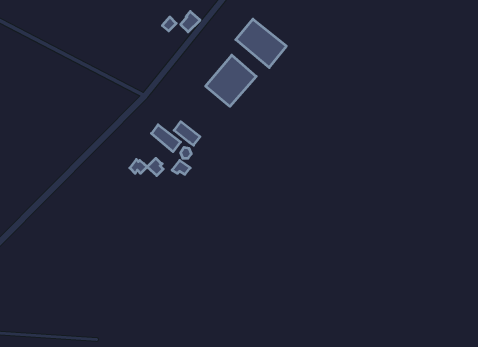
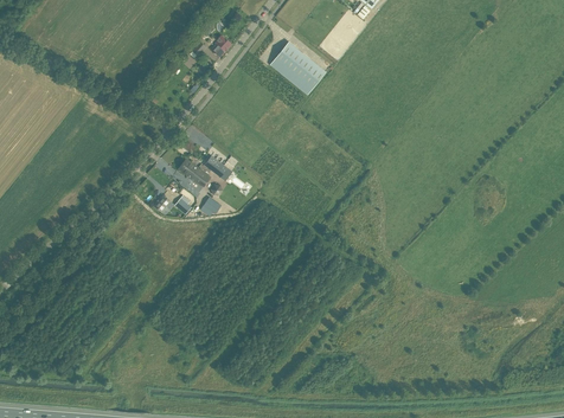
building: [206,55,256,106] -> none

